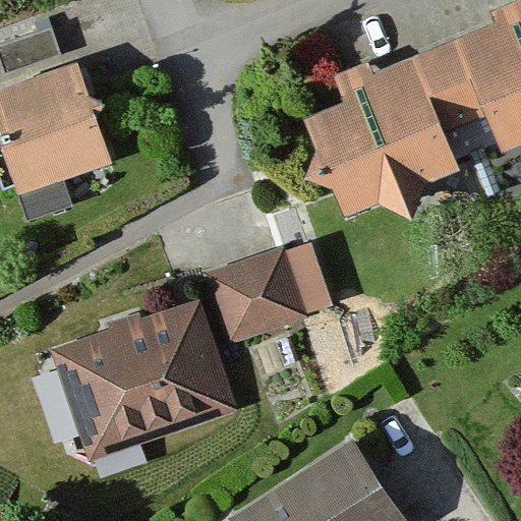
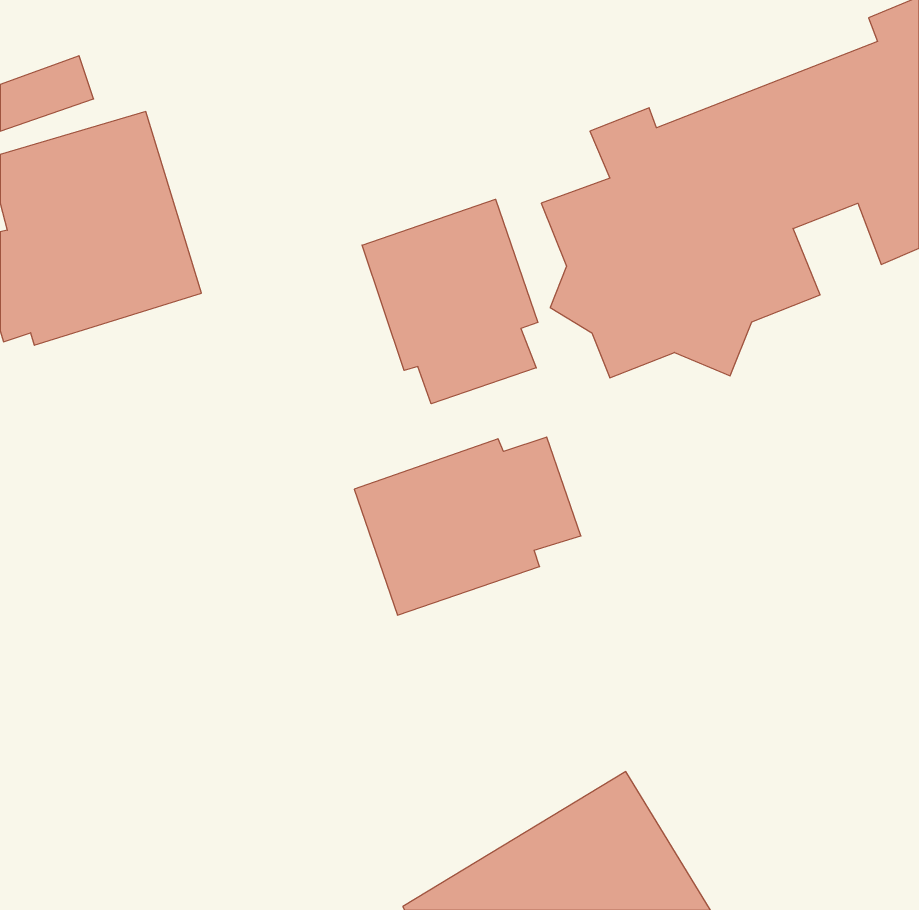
building: none -> [362,199,538,404]
building: [53,305,234,462] -> none

